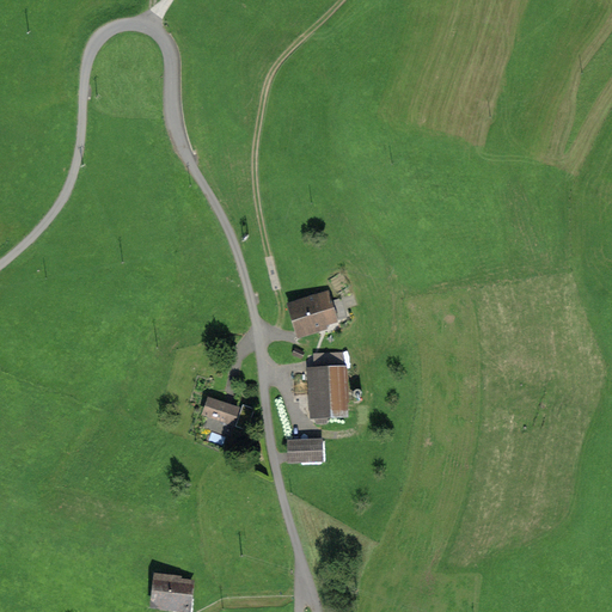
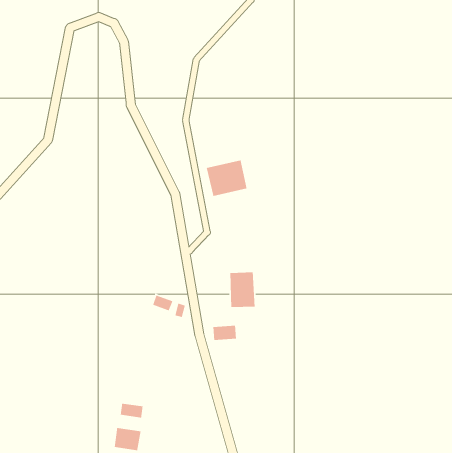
building: [287,287,343,337] -> [206,159,248,197]
building: none -> [120,403,143,418]

